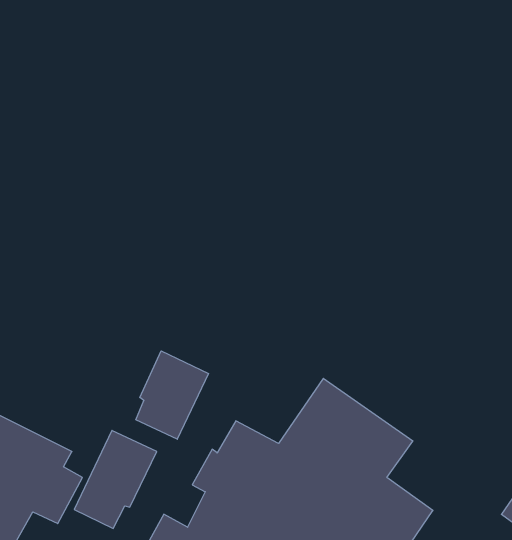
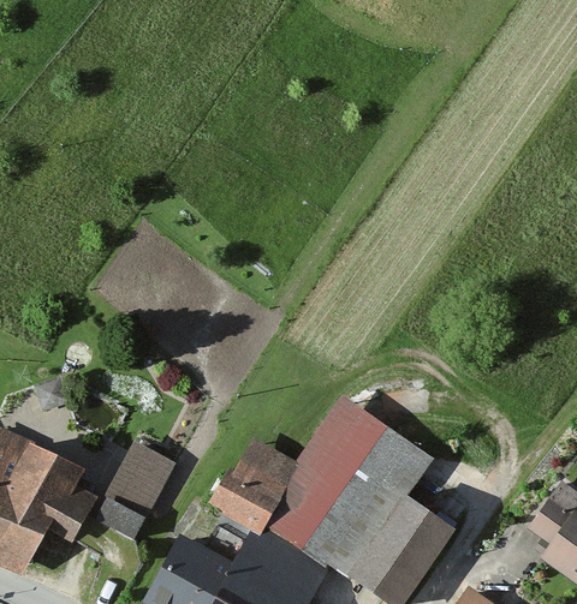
building: [136,351,209,439] -> none

